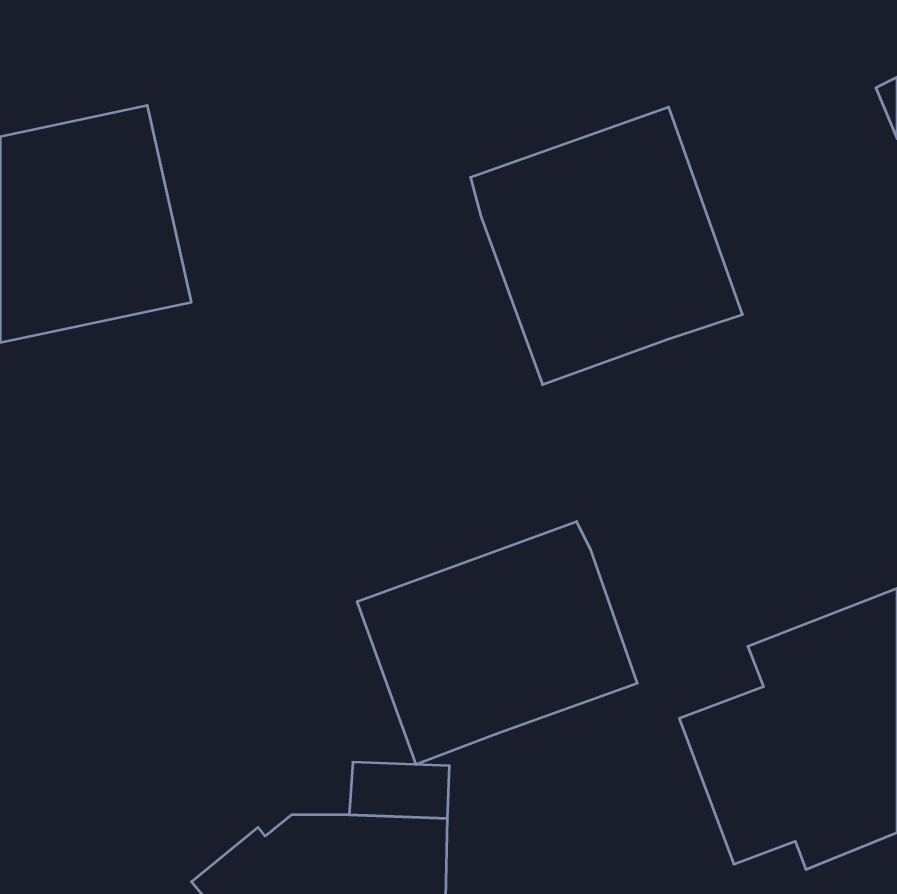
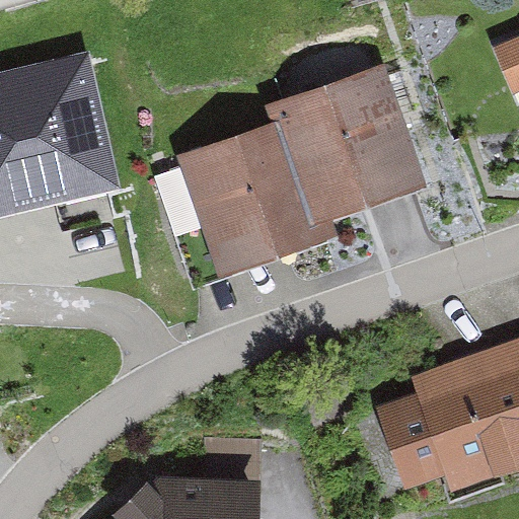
building: none -> [151,127,318,285]
building: [357,521,637,765] -> none

